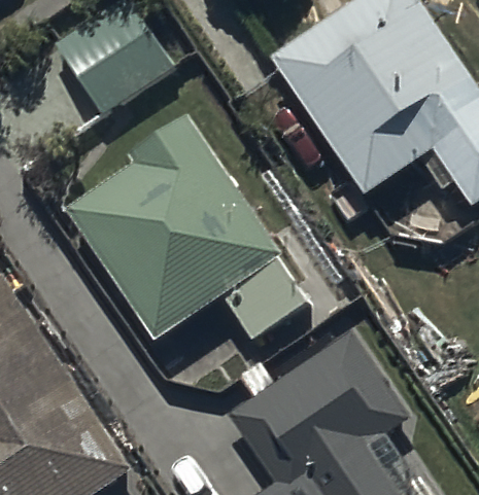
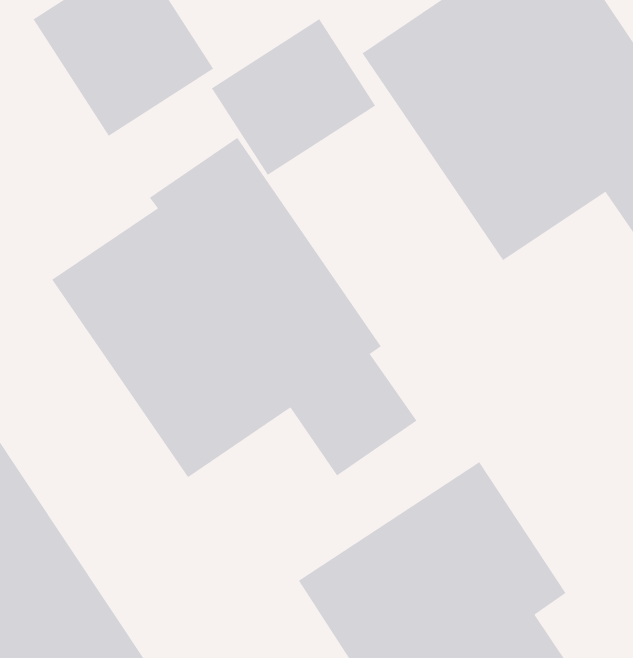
building: none -> [211,18,376,176]

